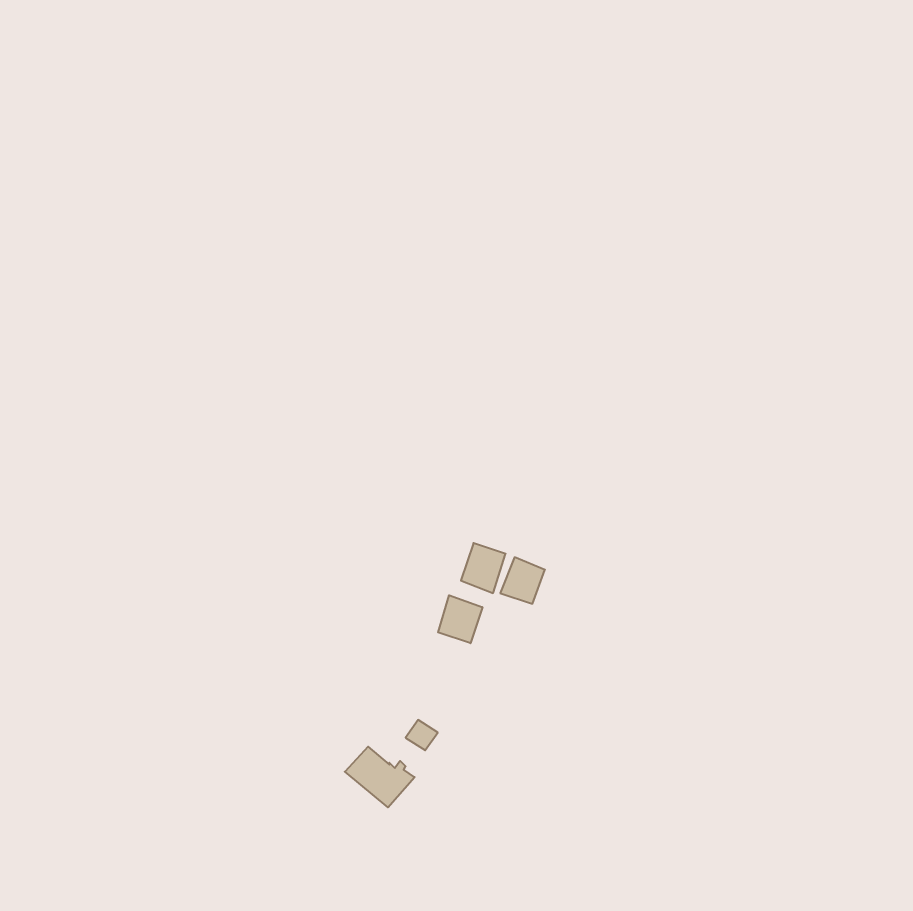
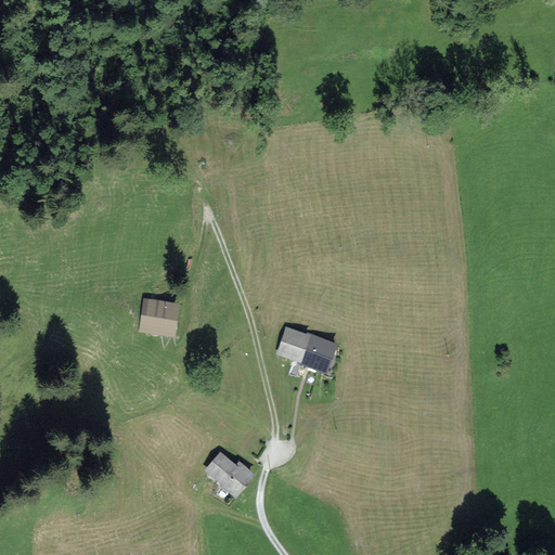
building: none -> [142,304,173,330]
building: [438,595,482,643] -> none

